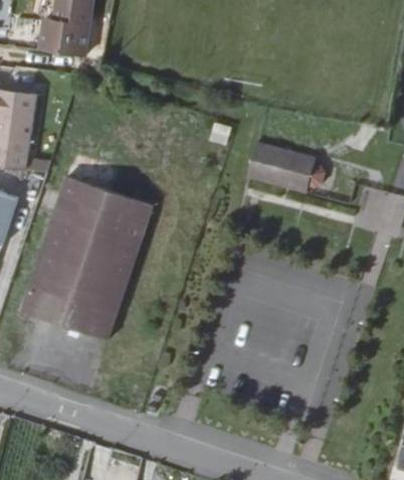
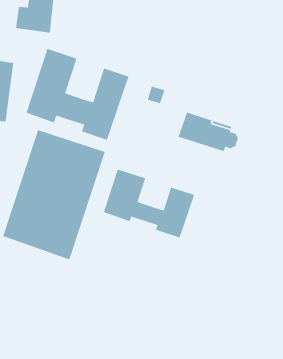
building: none -> [25,48,130,141]
building: none -> [103,168,195,239]

